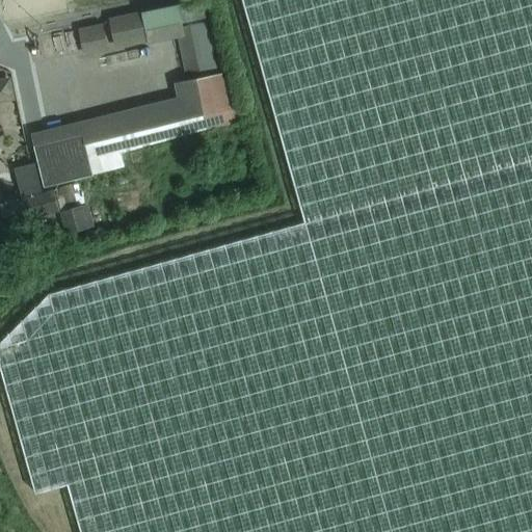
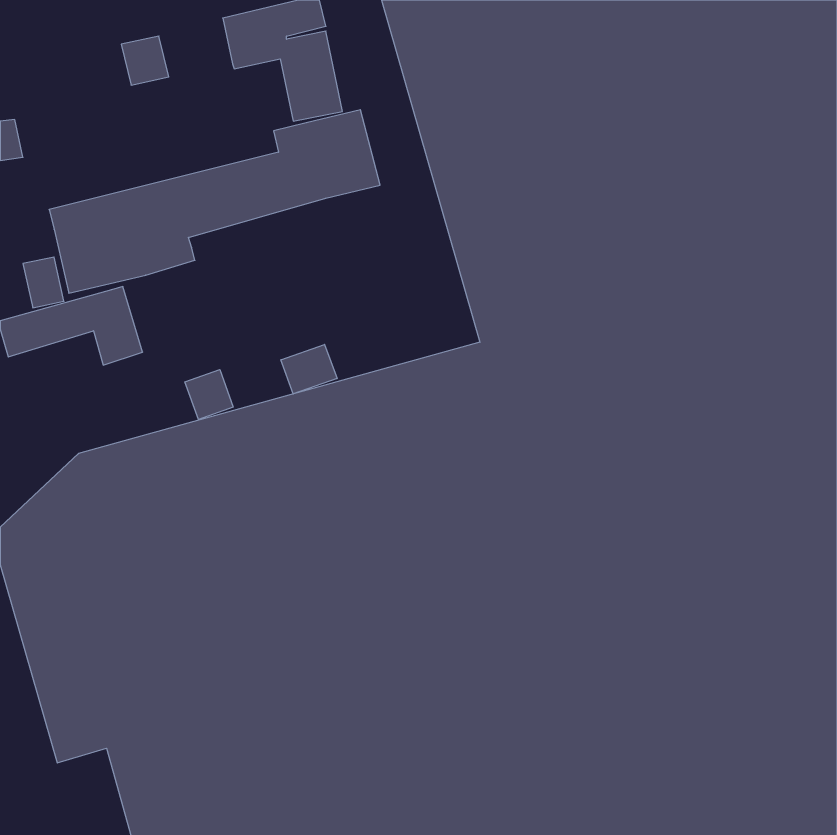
building: [109,12,148,50] -> none
building: none -> [281,344,337,394]
building: none -> [185,370,233,419]

